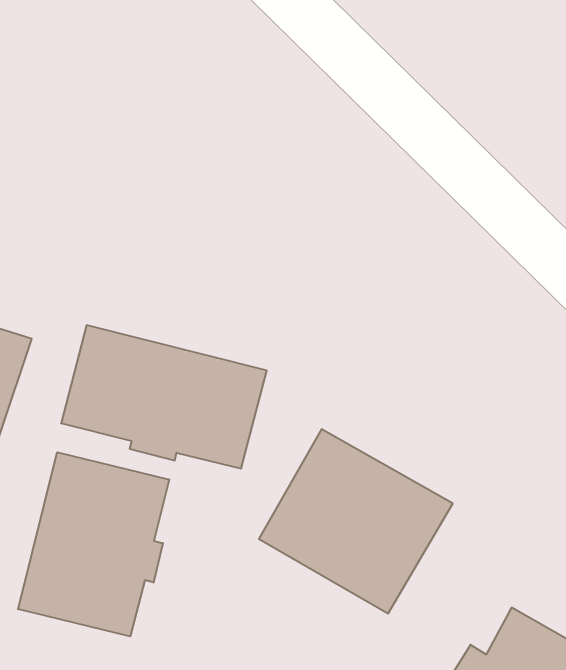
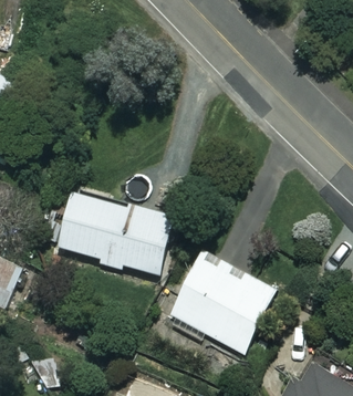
building: [18,452,169,636] -> none

